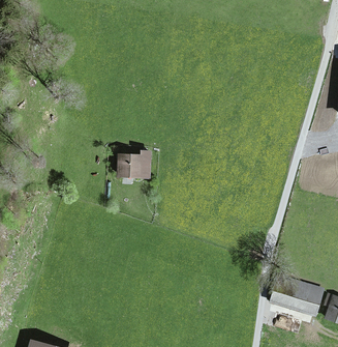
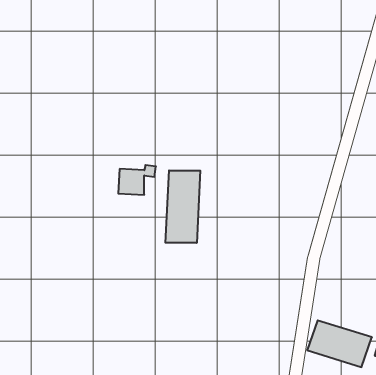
building: none -> [165,170,200,243]

